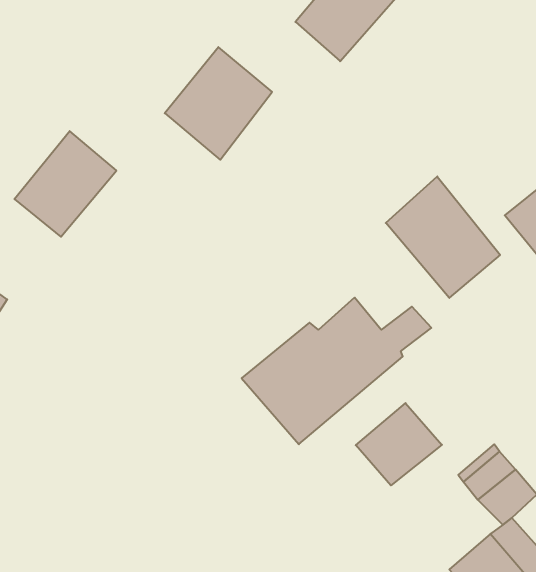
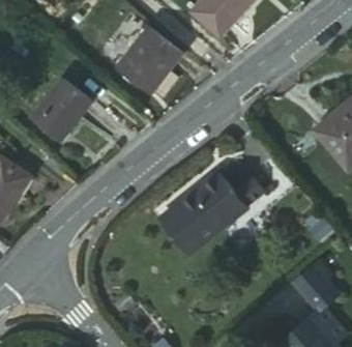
building: [386,176,500,298] -> none
building: [356,403,442,485] -> none

